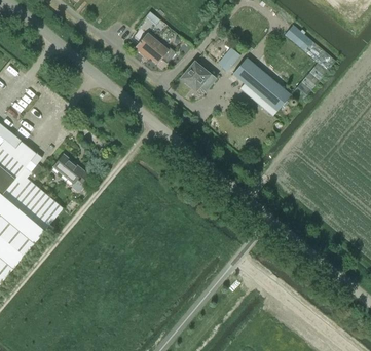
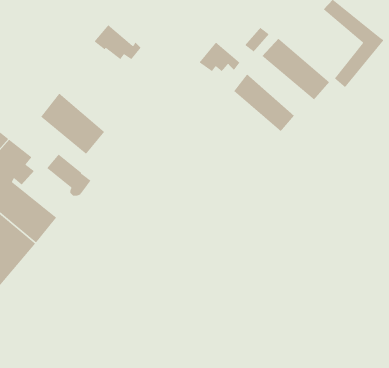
building: [135,33,175,63] -> [93,24,141,60]
building: none -> [233,74,295,132]
building: none -> [40,92,105,155]

